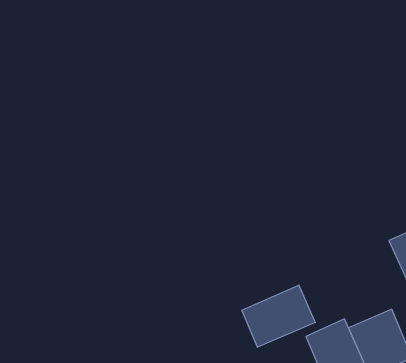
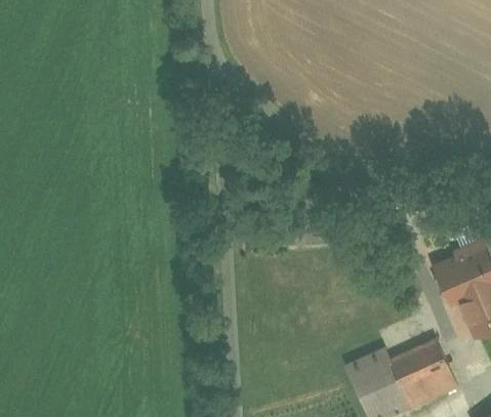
building: [242,285,315,347] -> none

